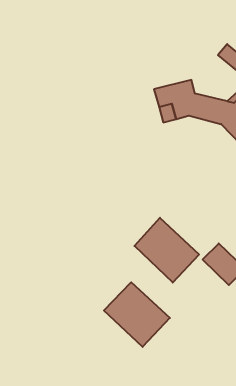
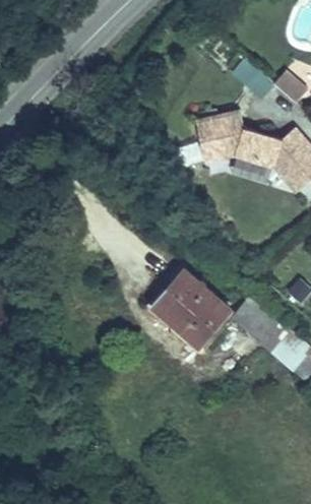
building: [104,282,170,347] -> none

